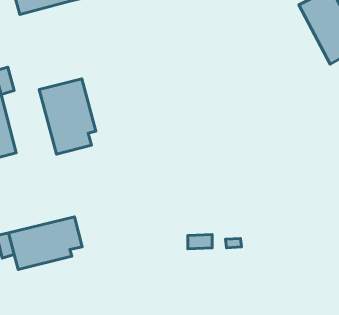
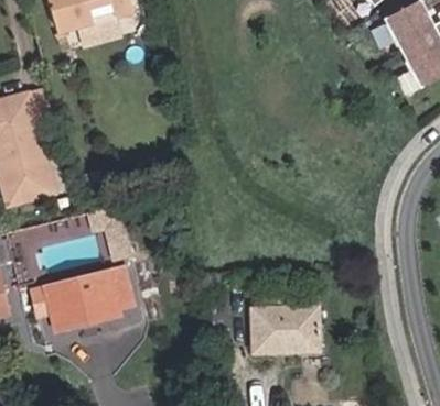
building: [39,79,96,154] -> none
building: none -> [253,305,319,350]

